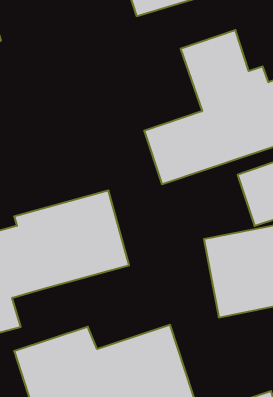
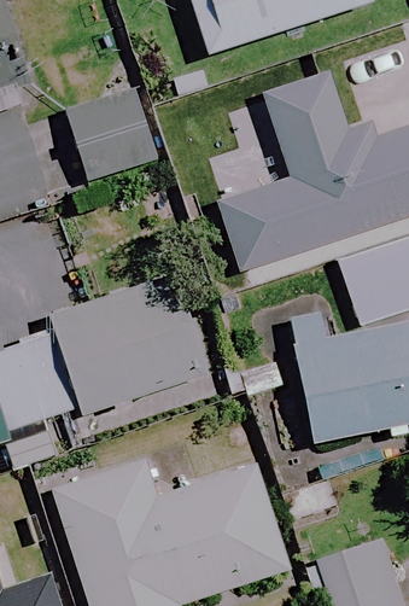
building: none -> [63,83,163,182]

